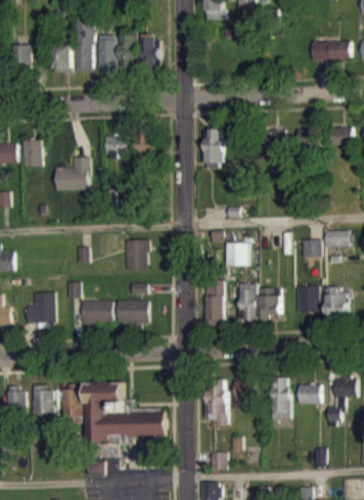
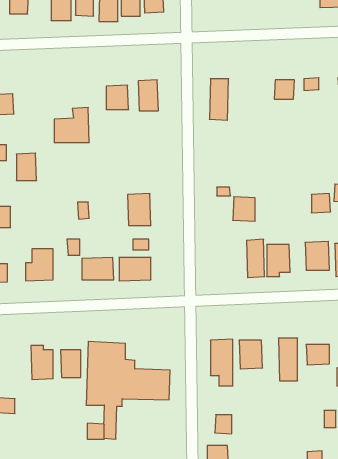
building: [22,140,42,167] -> [16,153,37,181]
building: [207,285,225,320] -> none
building: [8,388,26,416] -> none

